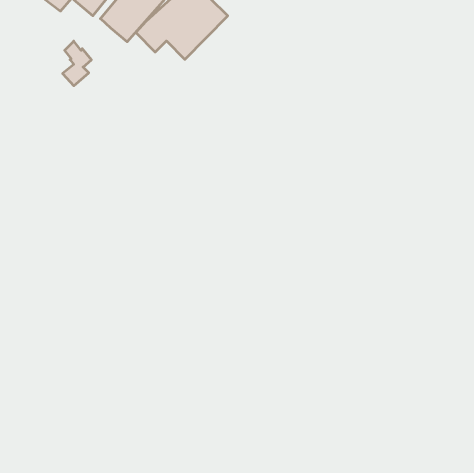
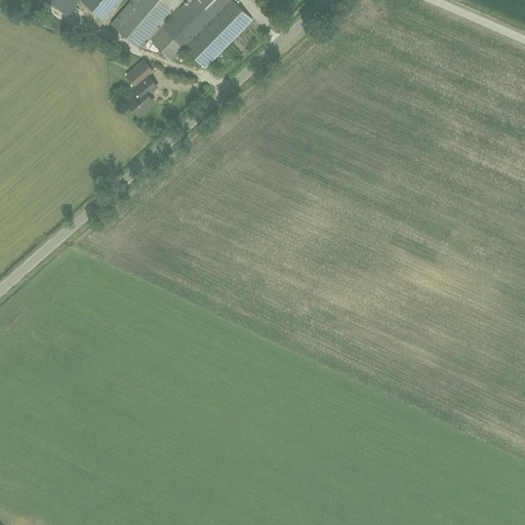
building: [63,41,91,86] -> [125,64,157,113]

